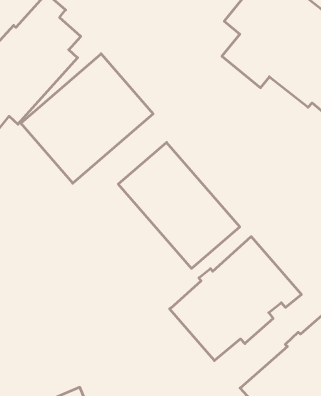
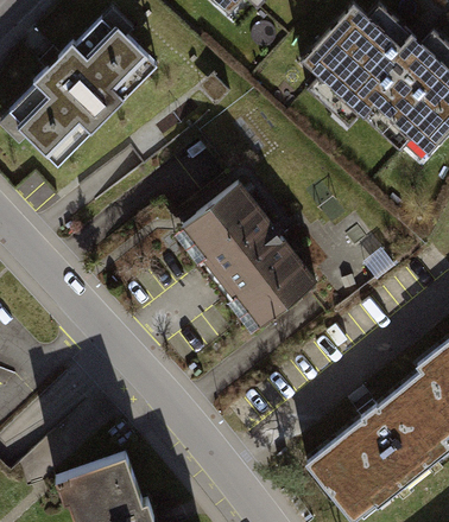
building: [21,54,153,183] -> none
building: [170,237,301,361] -> none

